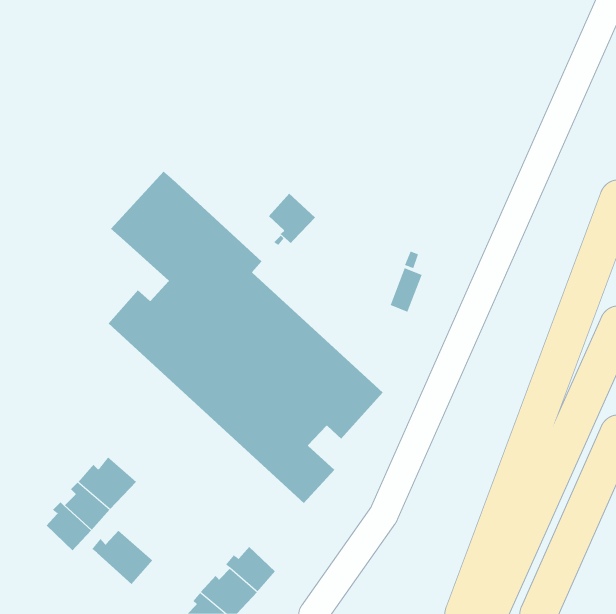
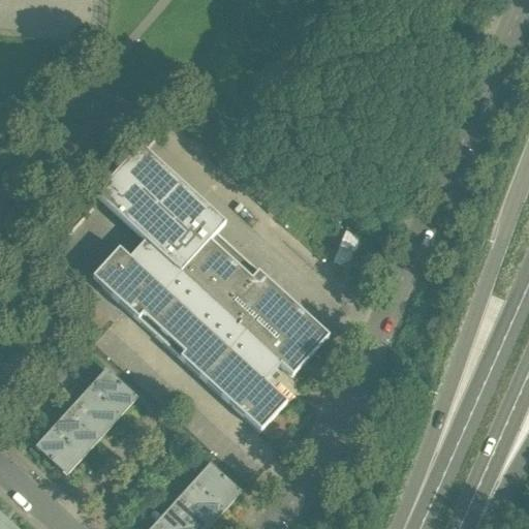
building: [268,193,316,244] -> none
building: none -> [91,372,134,411]
building: [92,530,153,585] -> none

